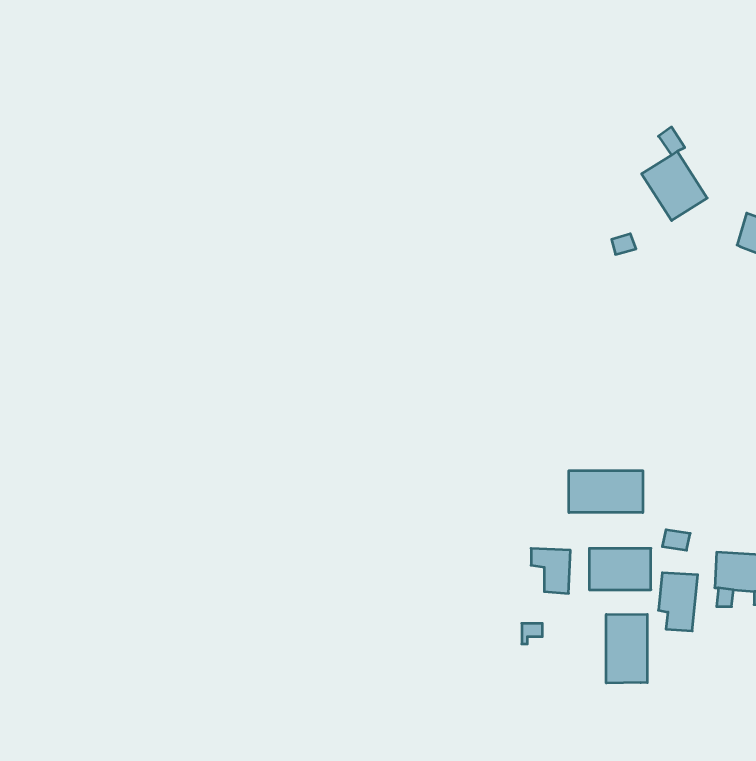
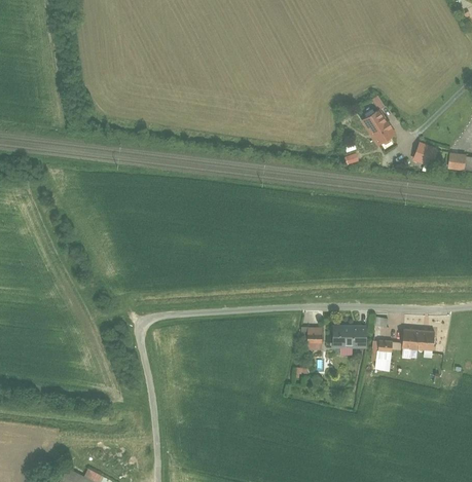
building: [569,471,643,513] -> none
building: [606,614,647,683] -> none

